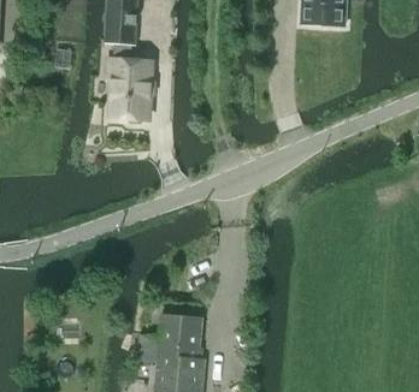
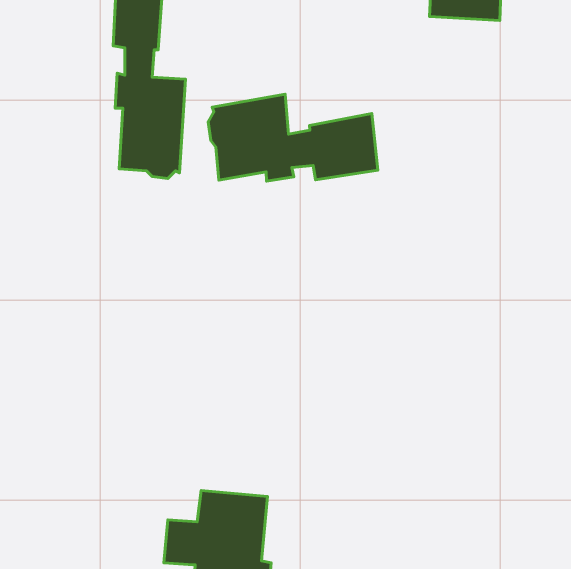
building: none -> [208,94,378,181]

